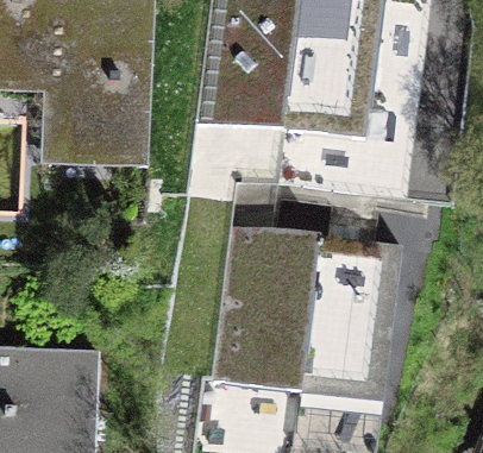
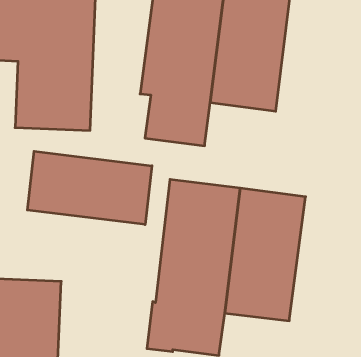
building: none -> [27,151,152,225]

